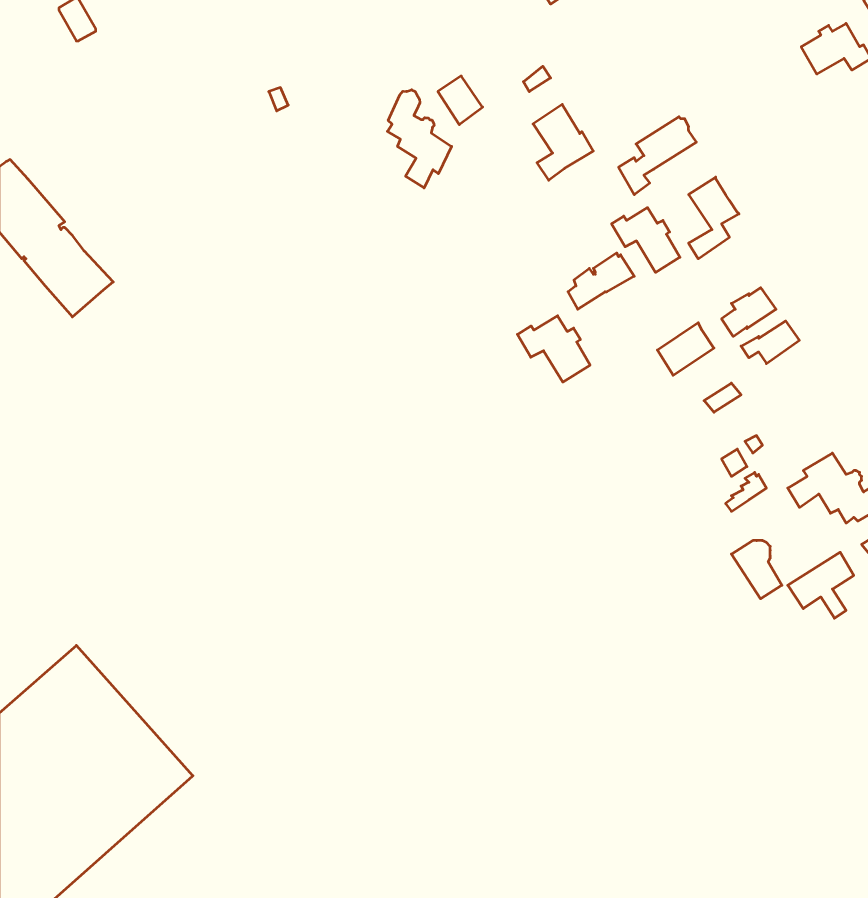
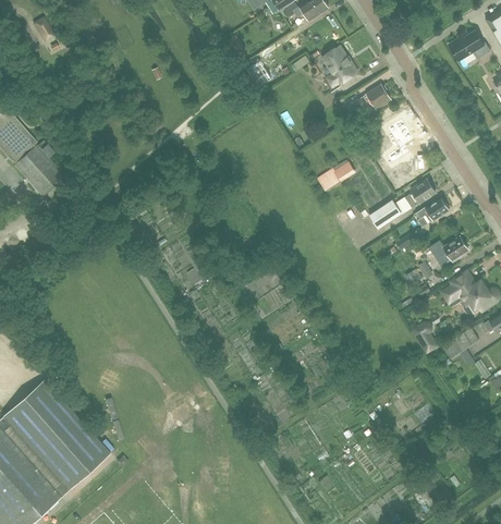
building: [387,90,452,188] -> none
building: [533,104,593,180] -> [323,46,357,88]
building: [612,208,680,272] -> none
building: [517,316,590,382] -> none
building: none -> [429,236,467,267]

